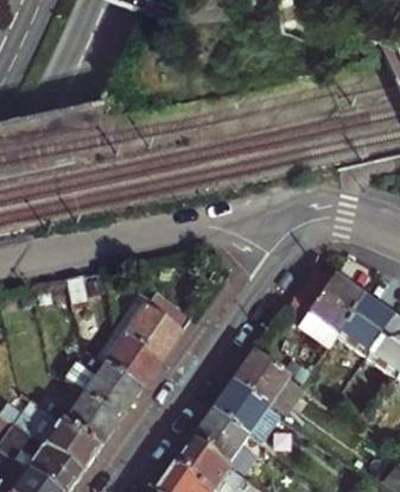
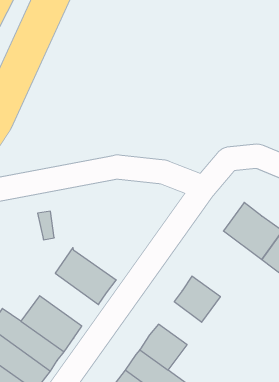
building: [113,289,195,358] -> none
building: [68,347,142,414] -> none
building: [215,384,284,447] -> none

